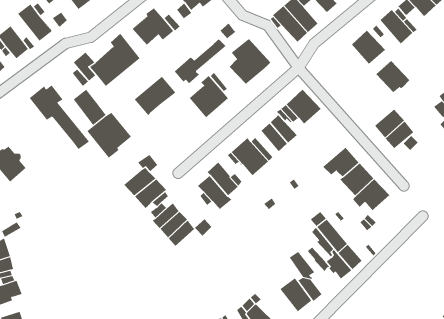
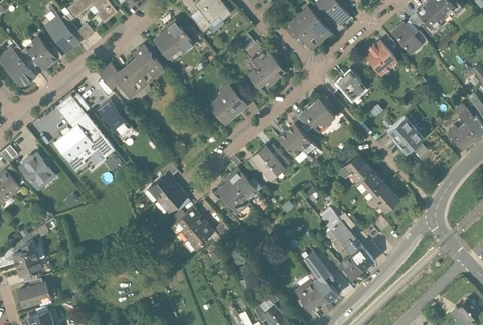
building: [174,38,226,84] -> none
building: [375,60,410,93] -> [335,70,368,102]
building: [134,76,176,116] -> none
building: [86,112,132,158] -> [54,125,98,169]

